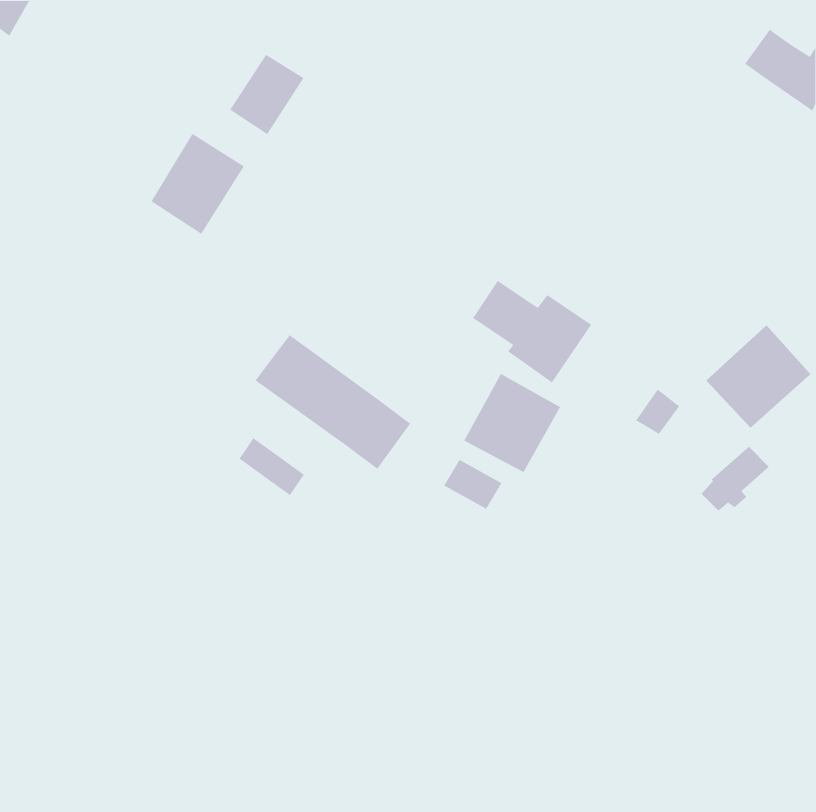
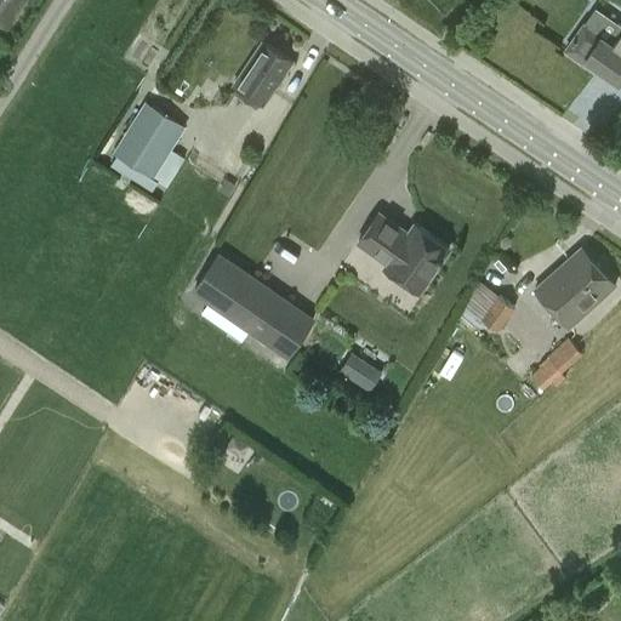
building: [229,54,304,135] -> [234,45,291,107]
building: [463,373,561,473] -> none
building: [239,437,305,496] -> none

